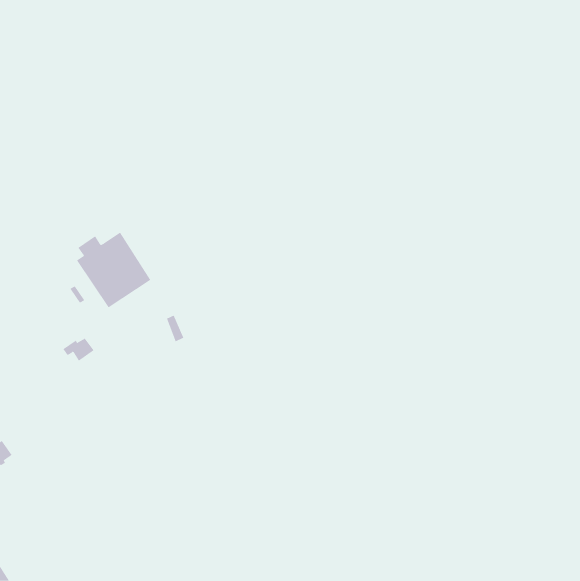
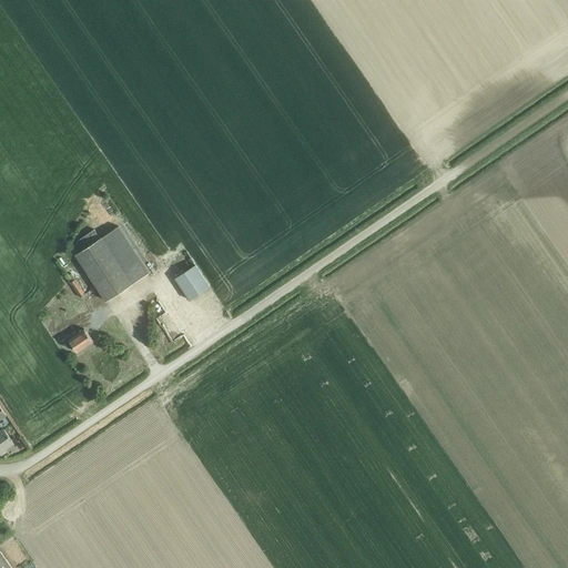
building: none -> [174,265,209,301]

